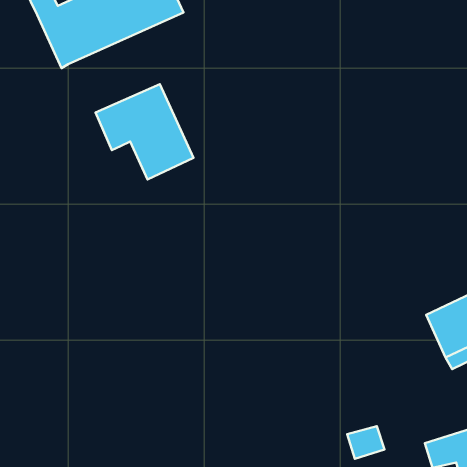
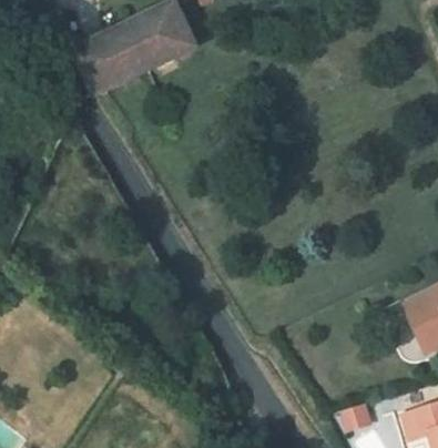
building: [95,84,193,180] -> none

